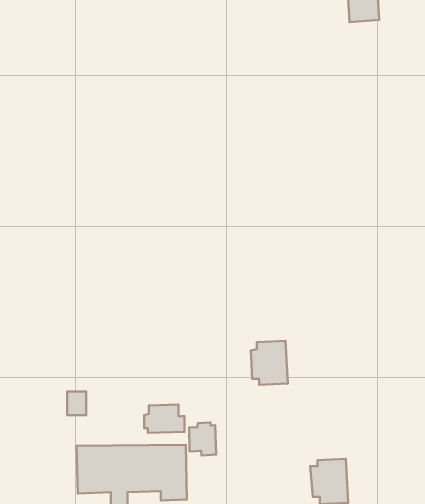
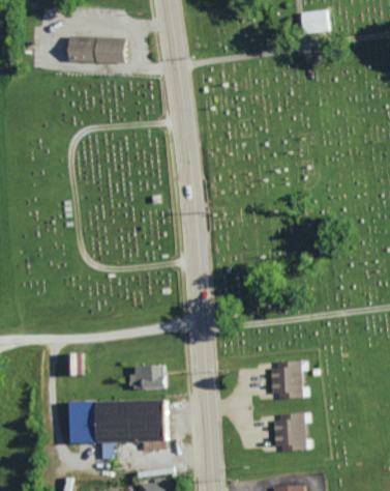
building: none -> [67,35,123,63]
building: [251,341,288,385] -> [270,360,302,399]
building: [189,423,216,455] -> none

